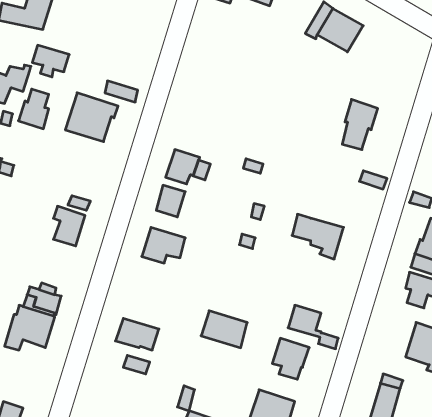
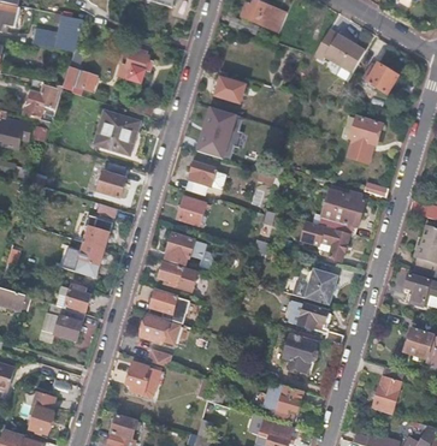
building: none -> [118,43,148,82]
building: none -> [366,61,397,93]
building: none -> [214,76,246,102]
building: none -> [196,106,242,161]
building: [18,89,49,129] -> [98,161,125,197]
building: none -> [318,189,364,233]
building: none -> [63,243,104,276]
building: none -> [158,261,197,291]
building: none -> [305,267,339,304]
building: [201,311,247,348] -> [147,289,189,322]
building: none -> [125,362,159,396]

